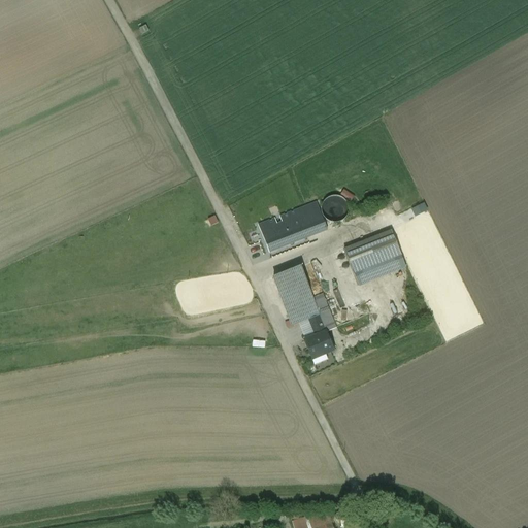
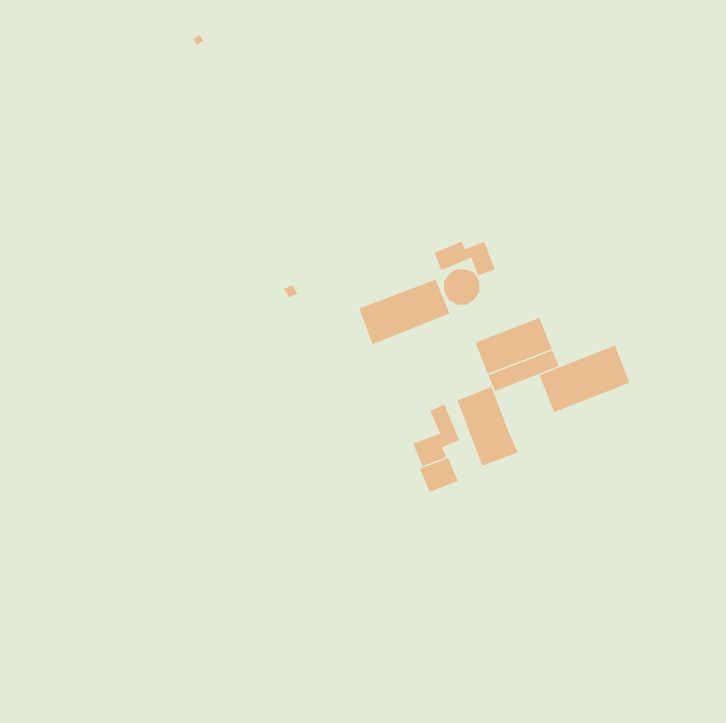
building: none -> [433,241,496,276]
building: none -> [539,345,631,413]
building: [273,266,319,325] -> [456,386,519,467]

